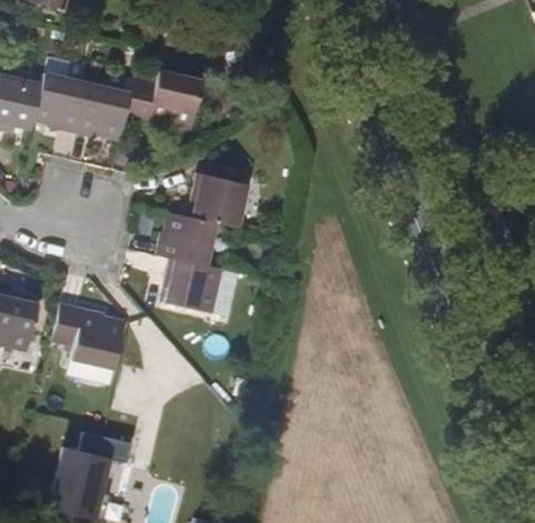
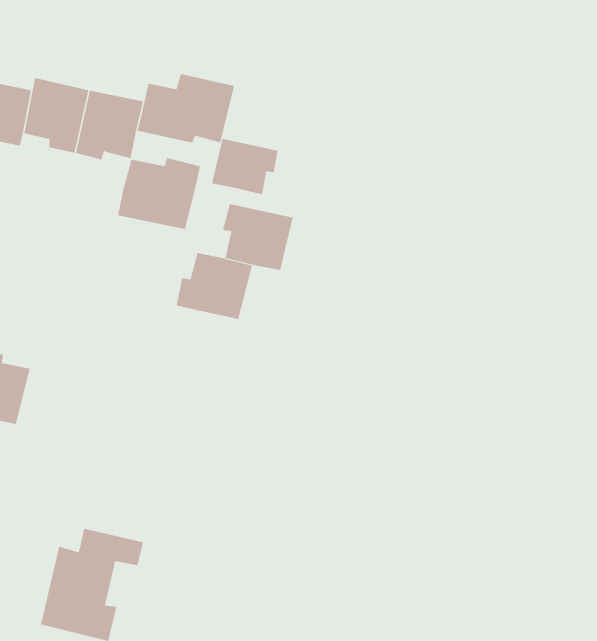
building: none -> [211,138,278,195]
building: none -> [118,157,201,230]
building: [165,258,240,316] -> none
building: [52,303,125,384] -> none

